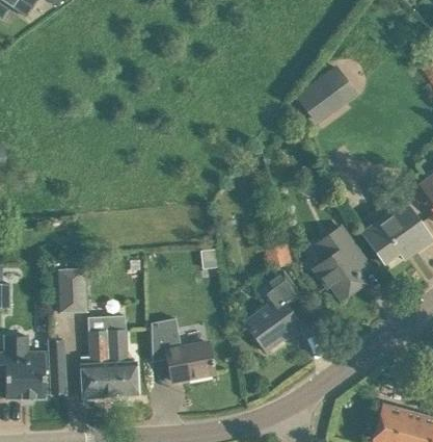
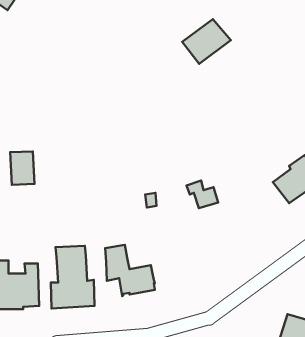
building: [295,67,357,124] -> [182,19,231,64]
building: [315,227,370,300] -> none
building: [56,269,87,312] -> [10,151,35,185]
building: [246,274,301,350] -> none

